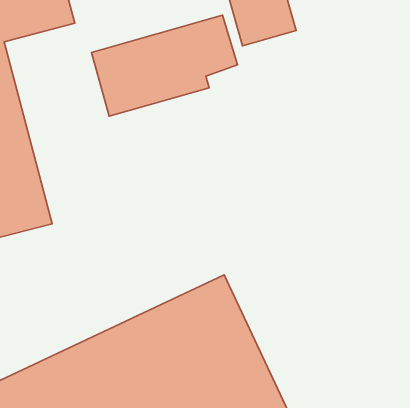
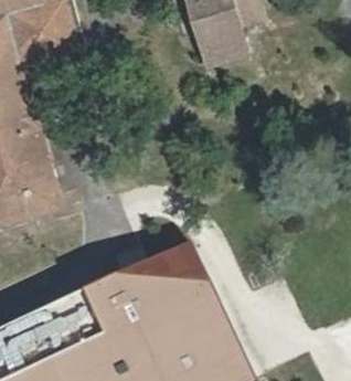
building: [92,15,237,116] -> none

